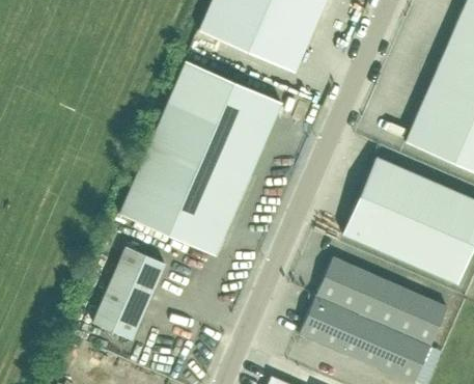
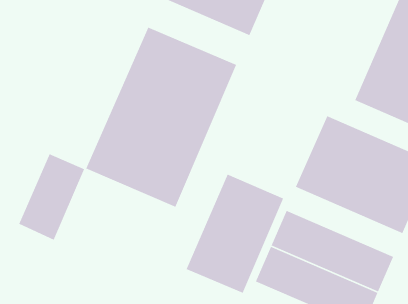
building: none -> [186,173,284,294]
building: [93,247,165,340] -> [18,153,85,241]

